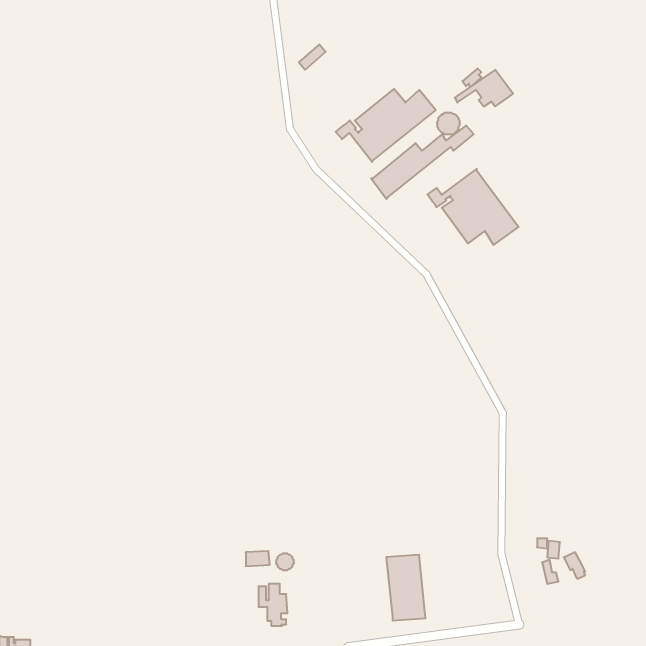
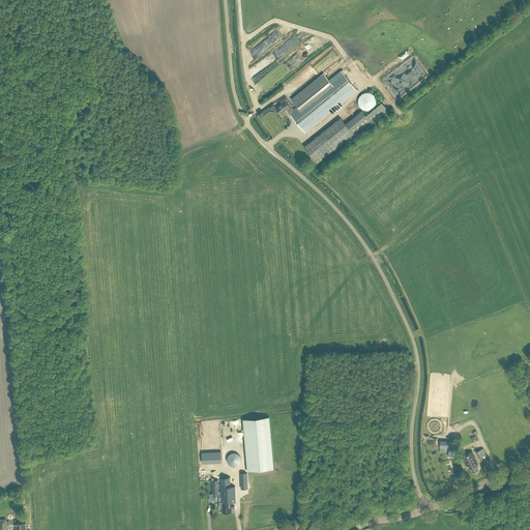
building: [427,169,519,245] -> none
building: [386,555,426,621] -> [241,418,273,472]

